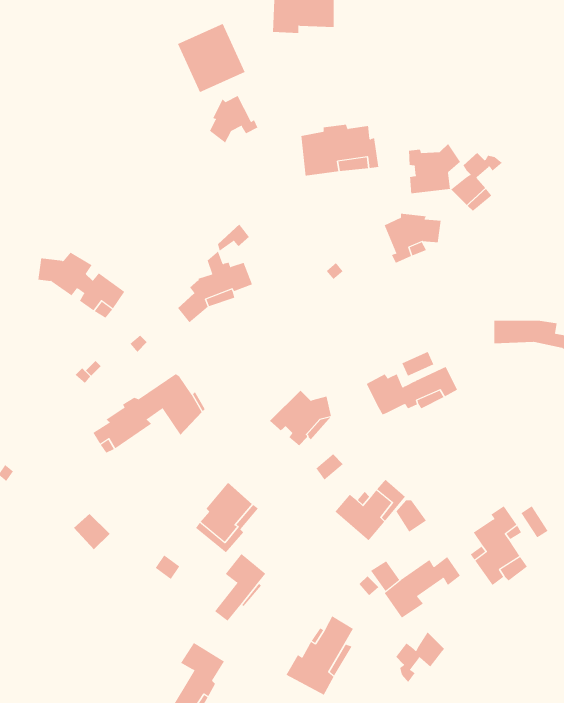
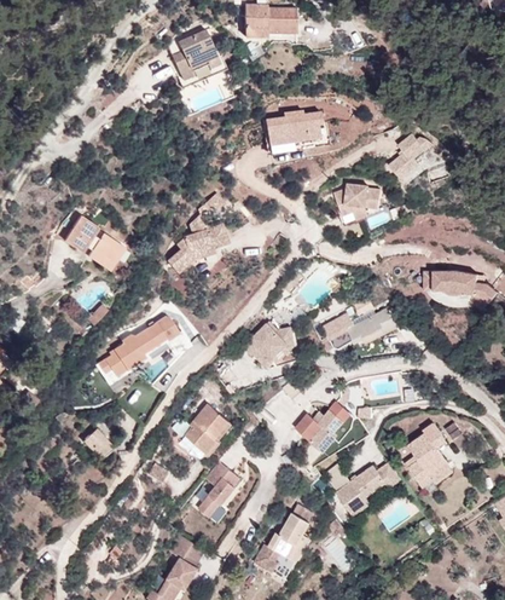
building: [209,95,258,144] -> none
building: [408,143,461,194] -> none
building: [395,632,445,683] -> none

